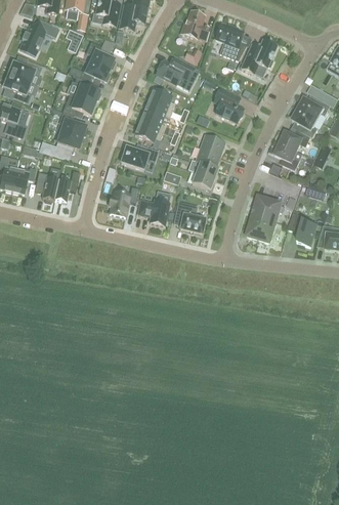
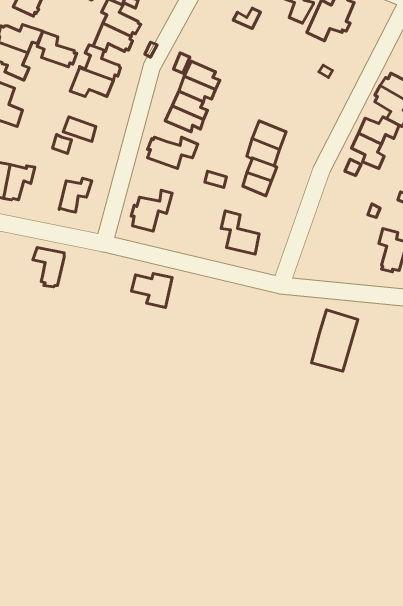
building: [156,56,195,83] -> none
building: [214,87,244,122] -> none
building: [58,111,88,137] -> [37,32,77,67]
building: [36,171,59,201] -> [33,248,64,287]
building: [247,196,282,242] -> [311,310,358,371]
building: [138,199,169,224] -> [131,273,172,307]

